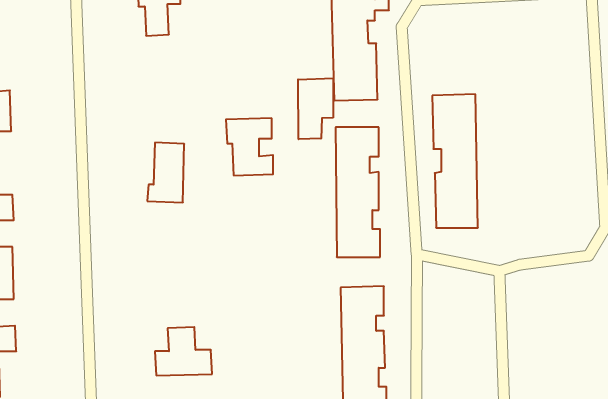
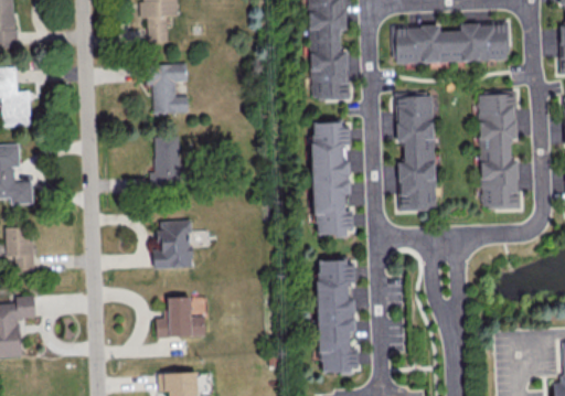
building: none -> [394,22,509,63]
building: [298,78,333,139] -> none
building: none -> [478,92,520,208]
building: [226,118,273,175] -> [147,63,188,113]
building: none -> [154,220,193,268]

